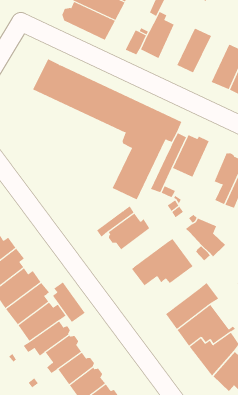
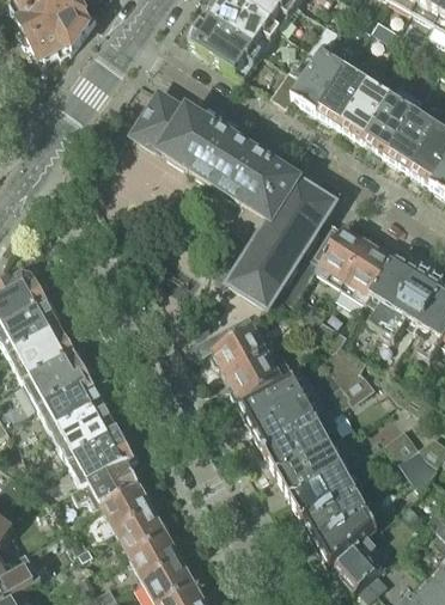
building: none -> [316,67,371,124]
building: none -> [361,90,416,154]
building: none -> [341,237,392,300]
building: none -> [226,348,292,399]
building: none -> [252,409,333,471]
building: [52,282,86,323] -> none

